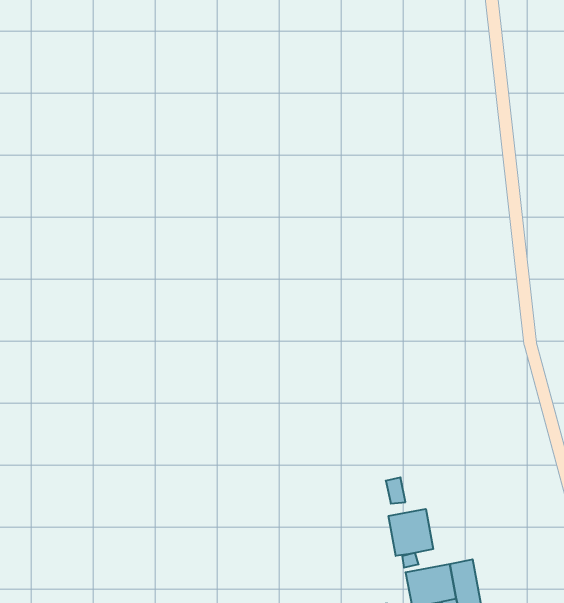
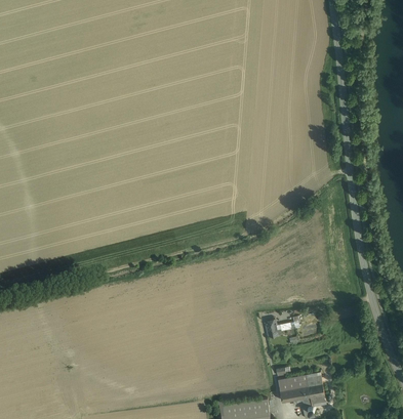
building: [389,509,433,556] -> none

